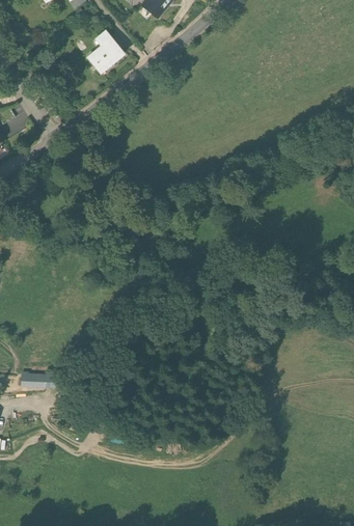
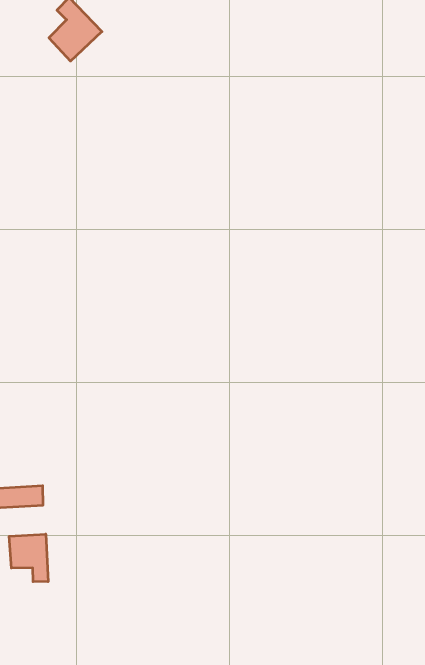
building: none -> [9,534,48,582]

